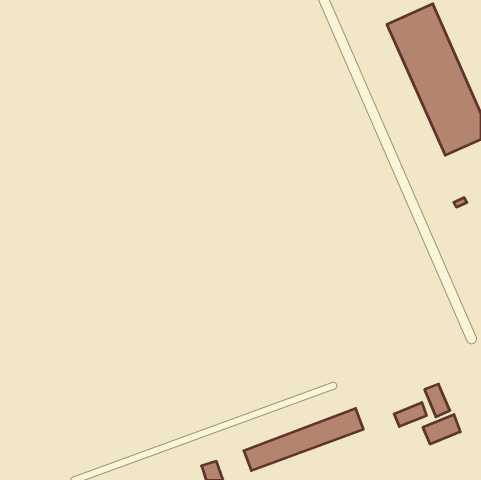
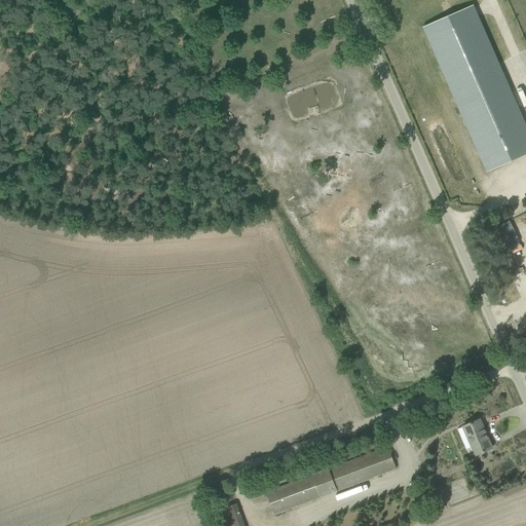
building: [394,402,426,427] -> none
building: [423,414,460,444] -> none

